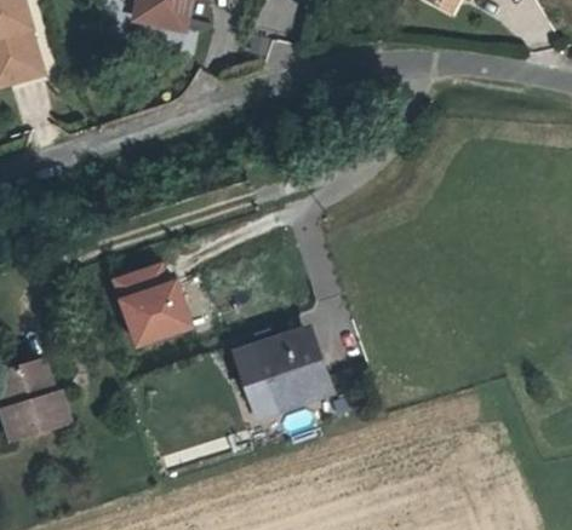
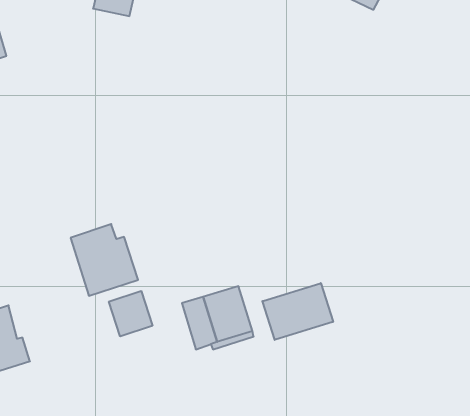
building: none -> [262,283,333,340]
building: none -> [109,291,152,336]

